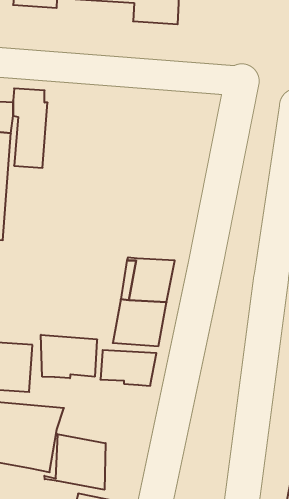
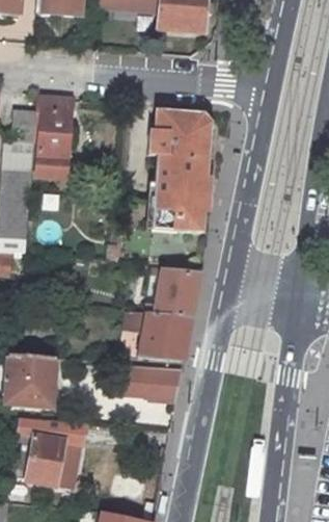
building: none -> [152,110,208,231]
building: [41,335,97,378] -> none
building: [44,434,106,490] -> none

